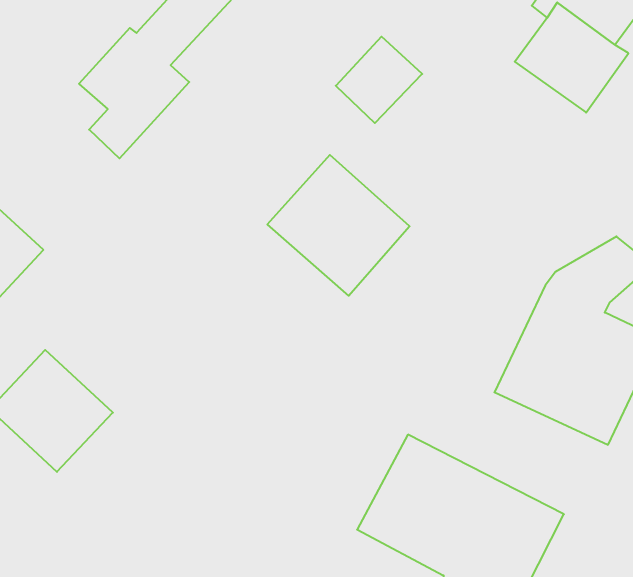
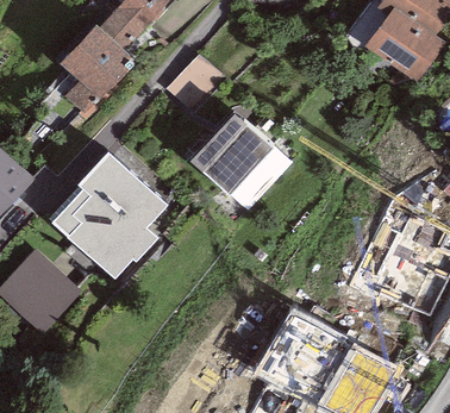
building: [336,37,422,123] -> [165,52,226,113]
building: none -> [51,152,165,279]

